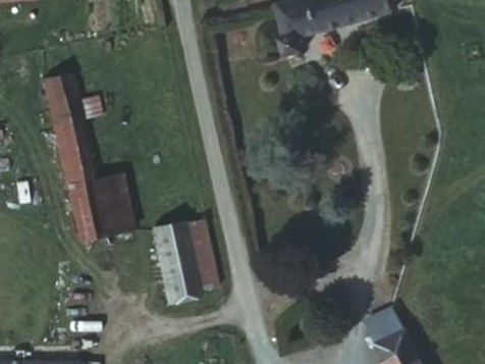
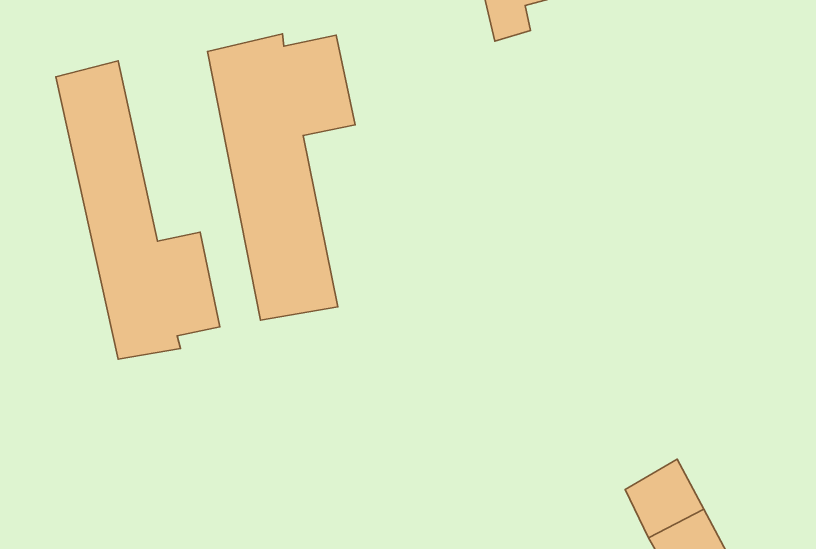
building: none -> [208,34,355,320]
building: [151,217,219,303] -> none

